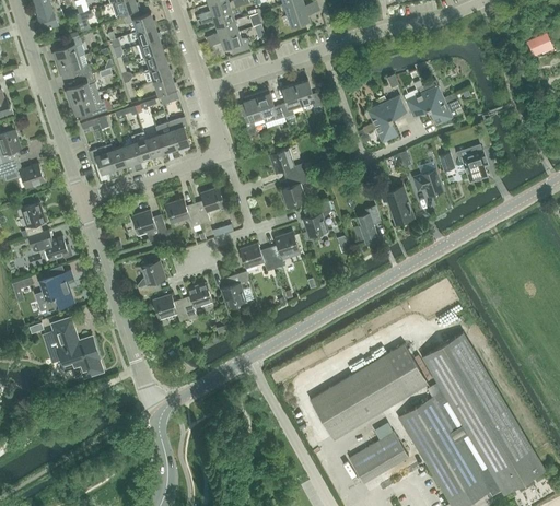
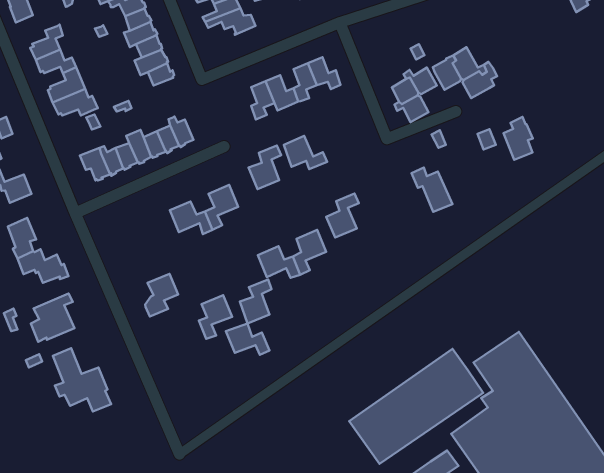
building: [413,169,443,197] -> none
building: [280,172,310,209] -> [248,145,281,189]
building: [354,205,381,244] -> none
building: [131,209,168,242] -> none
building: [152,294,189,322] -> [226,323,269,355]

